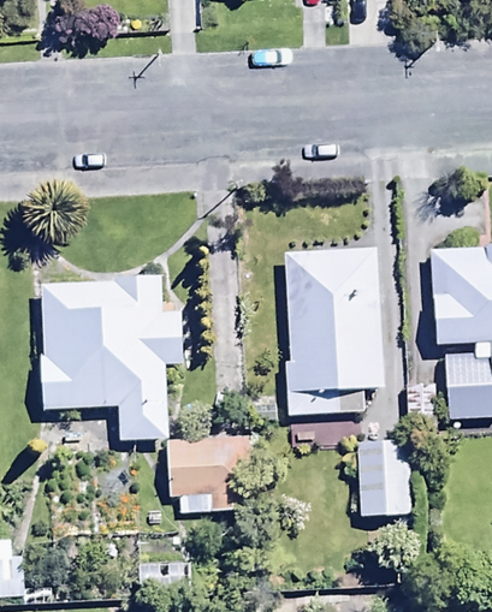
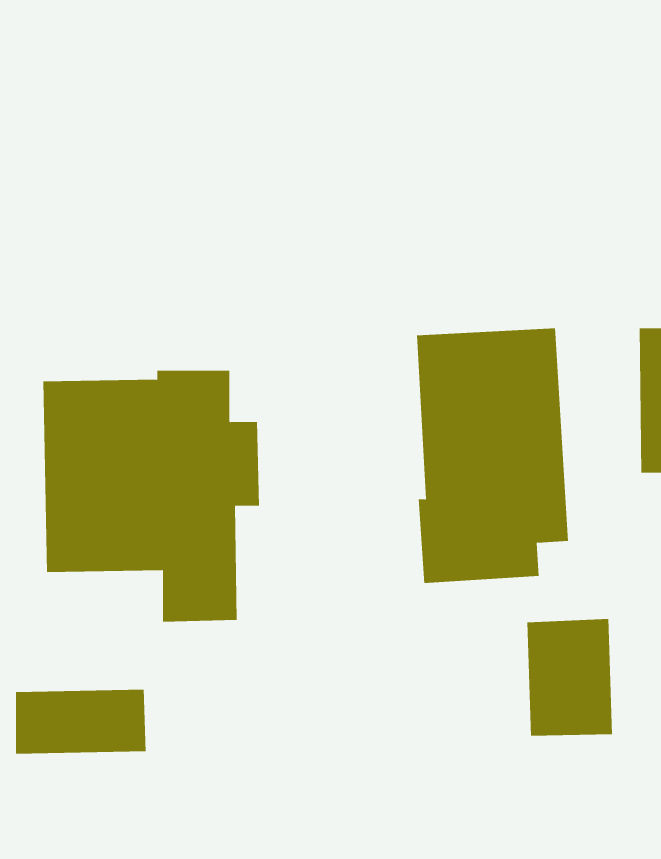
building: [167,436,245,511] -> none
building: none -> [15,689,146,754]

